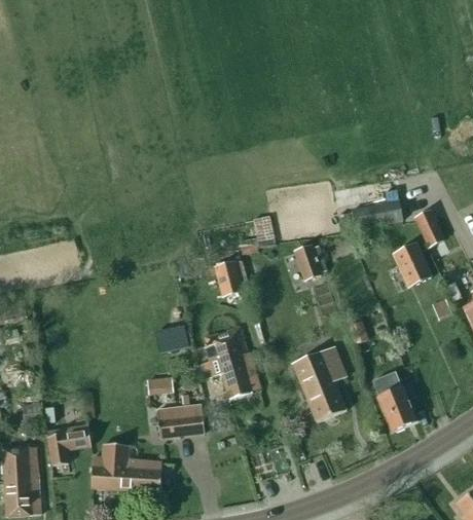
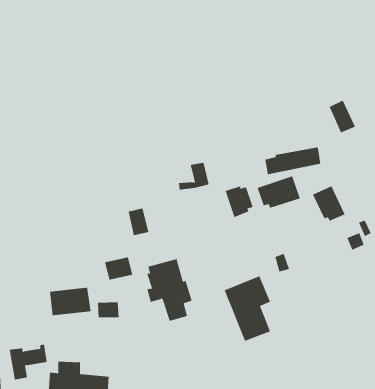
building: [413,209,444,247] -> [329,100,356,133]
building: none -> [257,175,301,209]
building: [217,262,242,294] -> [128,208,149,236]
building: [372,371,415,431] -> none
building: [156,404,205,437] -> [49,287,92,316]

